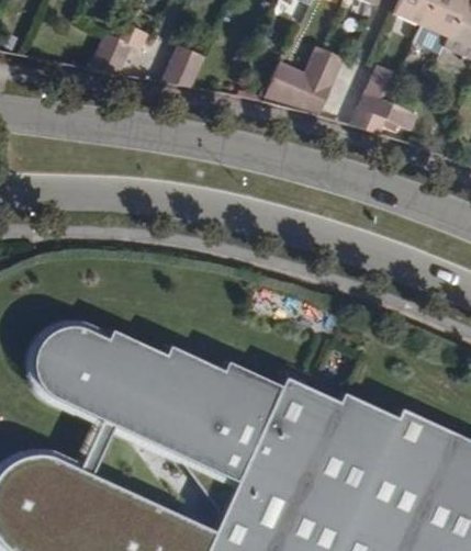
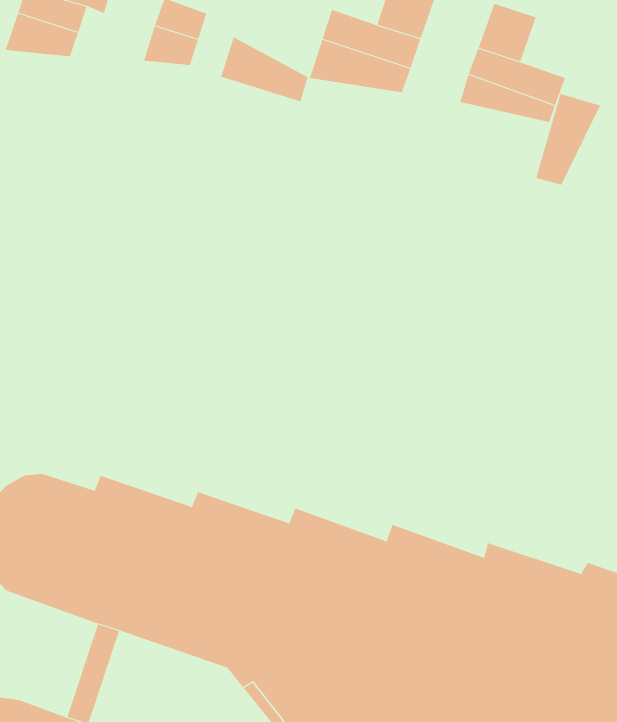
building: none -> [220,37,308,102]
building: none -> [536,93,601,186]

